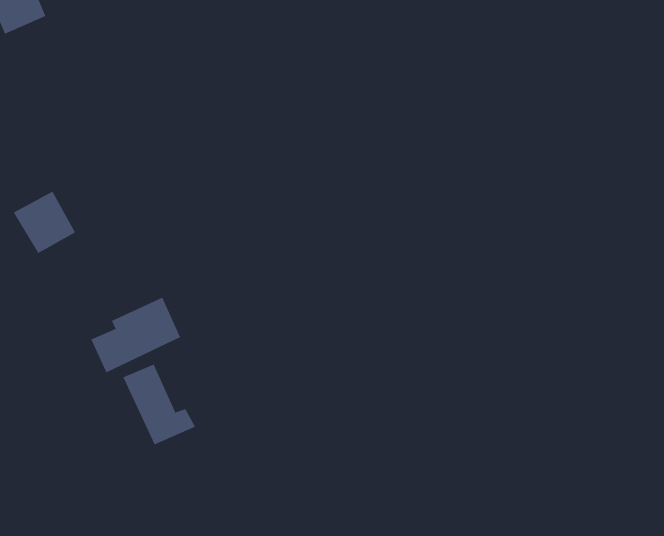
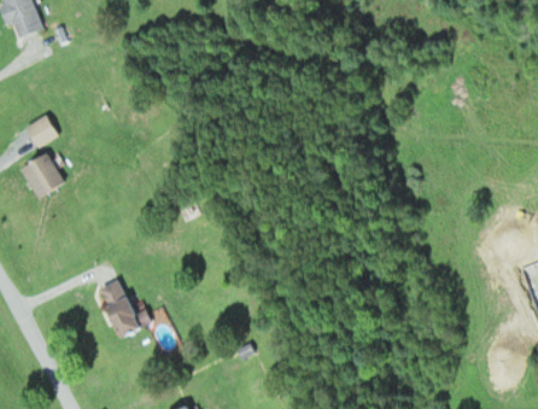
building: none -> [23,115,55,147]
building: [90,297,181,373] -> none

